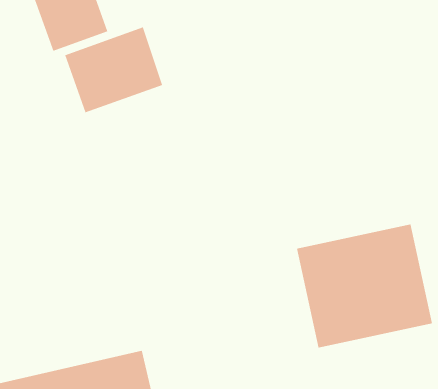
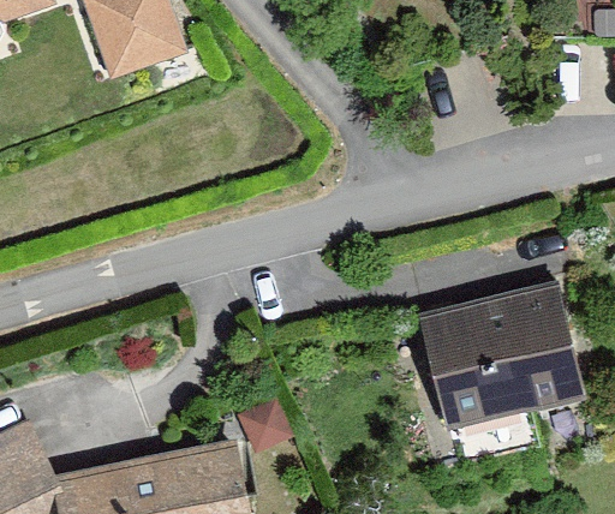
building: [64,27,163,113] -> none

